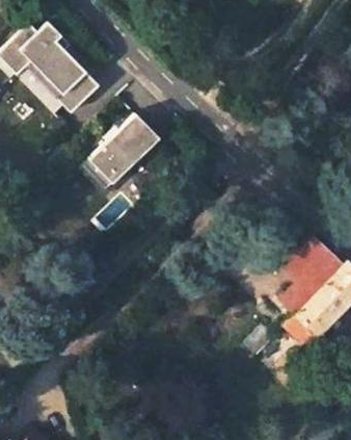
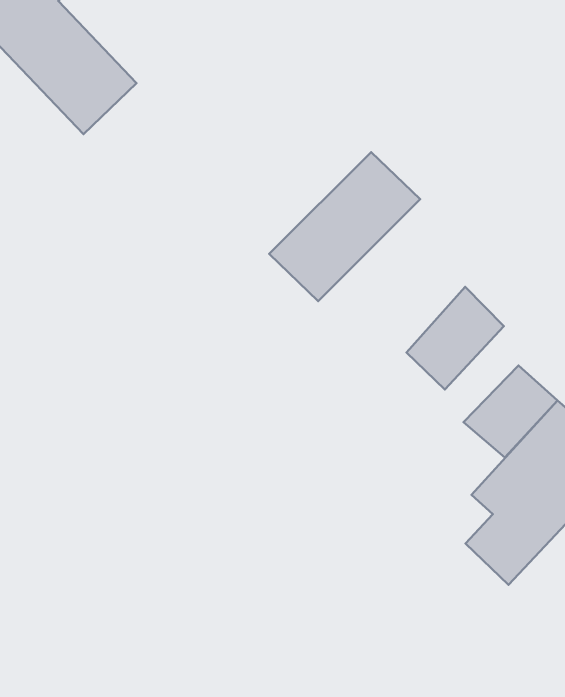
building: [81,114,161,193] -> [269,152,420,301]
building: none -> [406,287,504,390]

